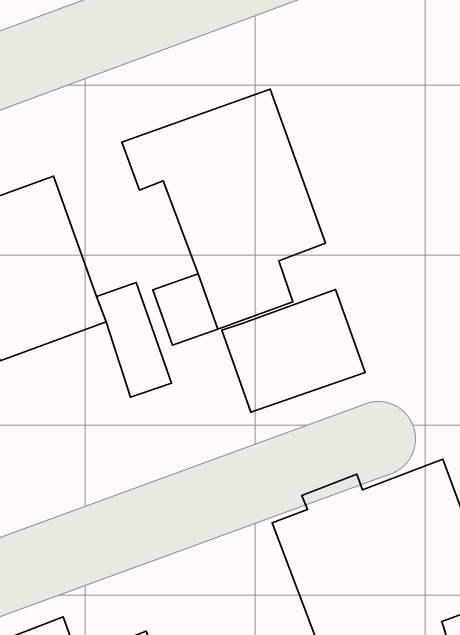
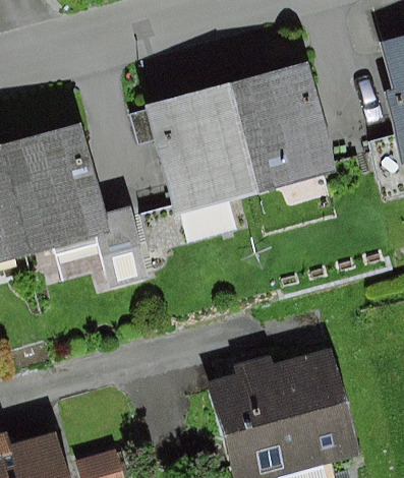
building: none -> [235,65,336,192]
building: [222,290,365,412] -> none

